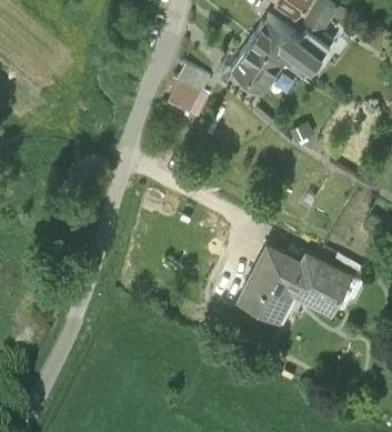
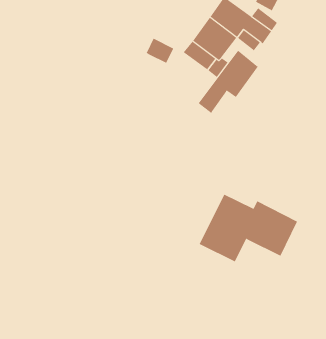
building: none -> [198,50,259,114]
building: [168,81,201,113] -> none

